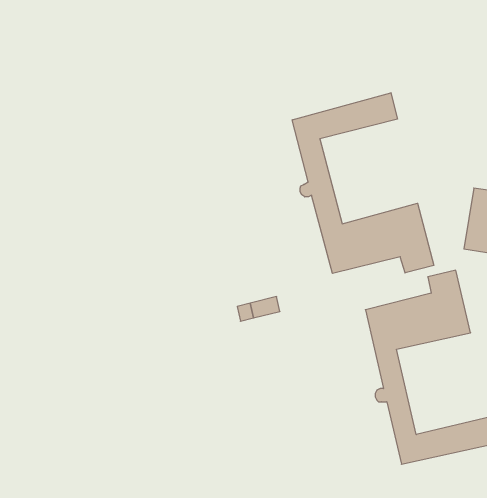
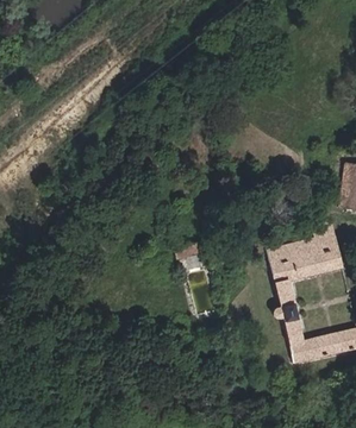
building: [292,93,434,273] -> none

